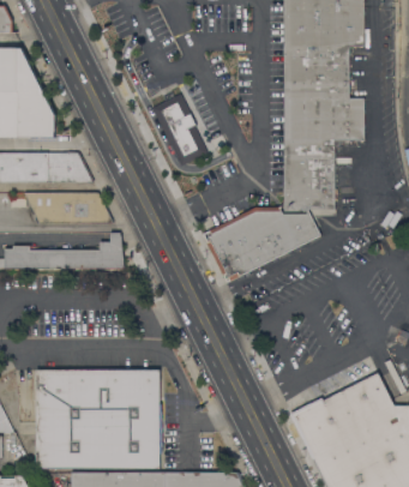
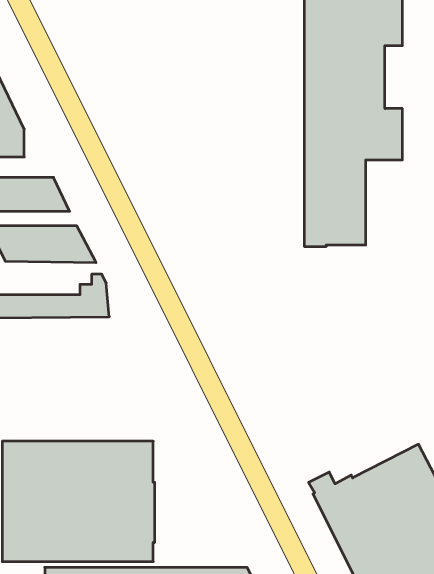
building: [152,94,209,167] -> none
building: [203,208,320,283] -> none

